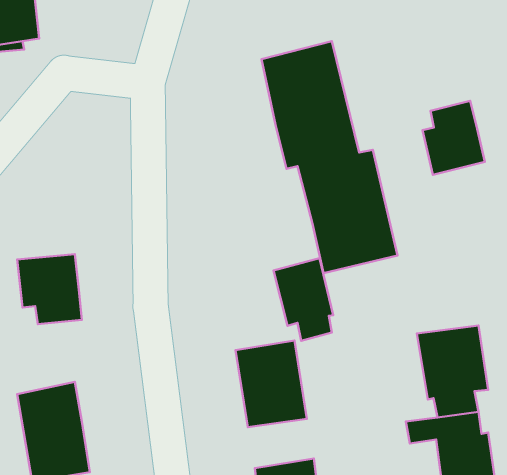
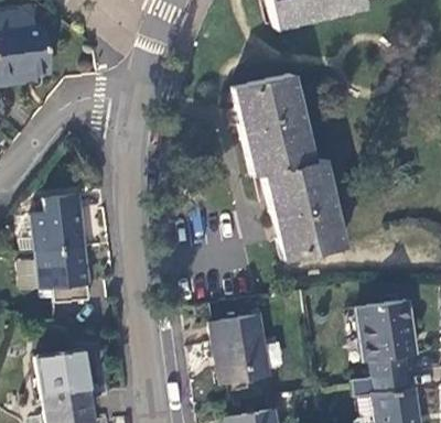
building: [423,101,485,175] -> none
building: none -> [33,193,84,249]
building: [274,258,333,341] -> none

